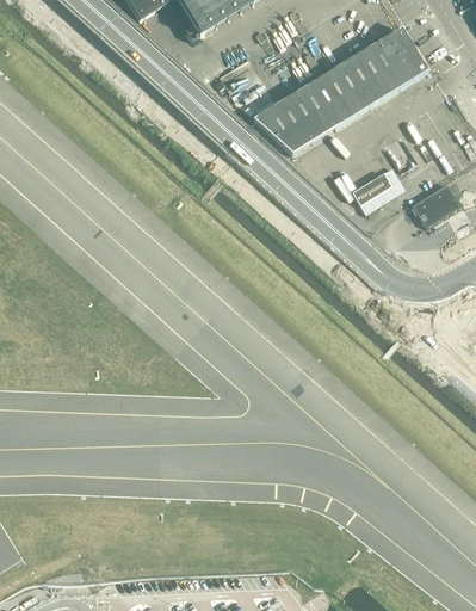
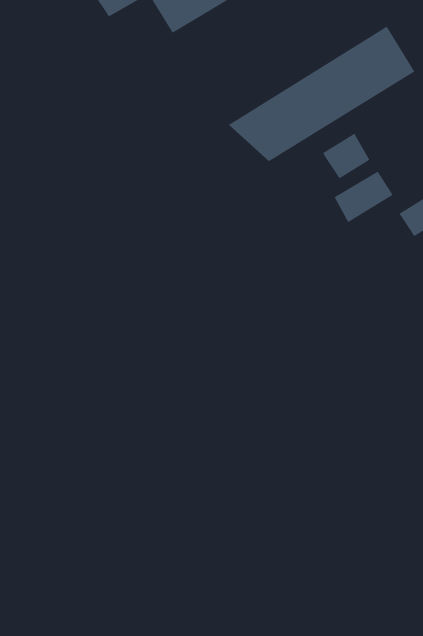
building: none -> [322,133,370,179]

